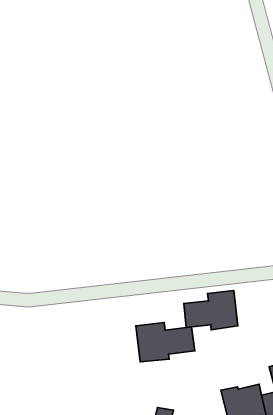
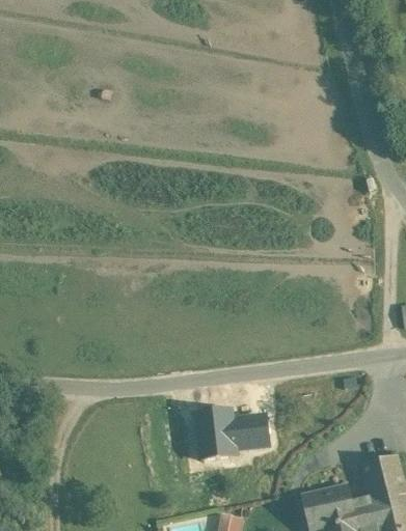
building: [184,291,238,330] -> none

